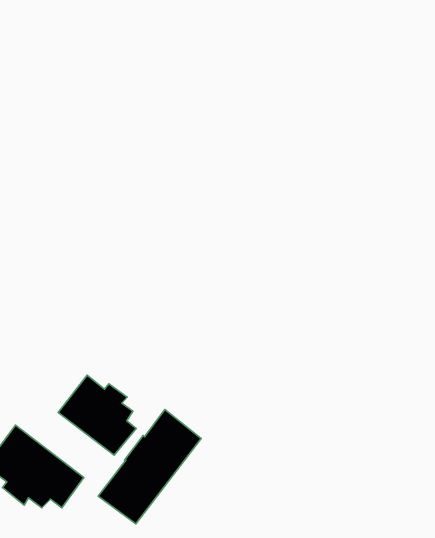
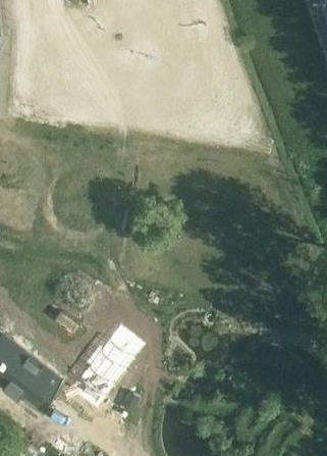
building: [58,375,136,455] -> none

